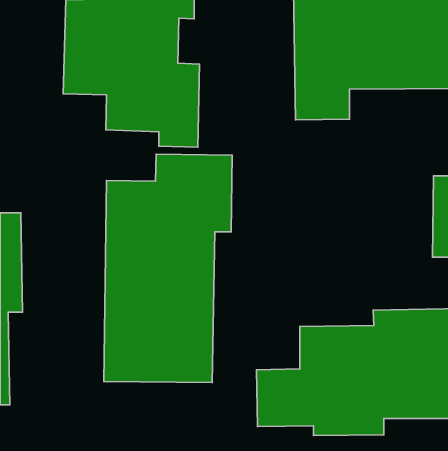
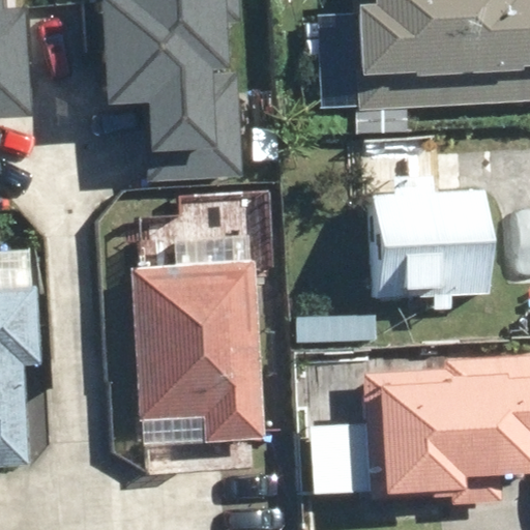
building: none -> [365,193,491,295]

